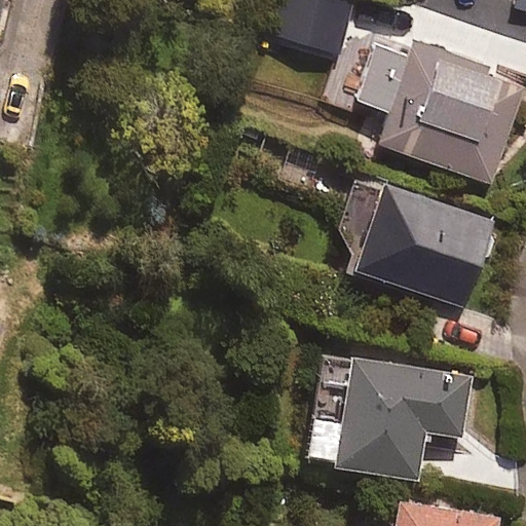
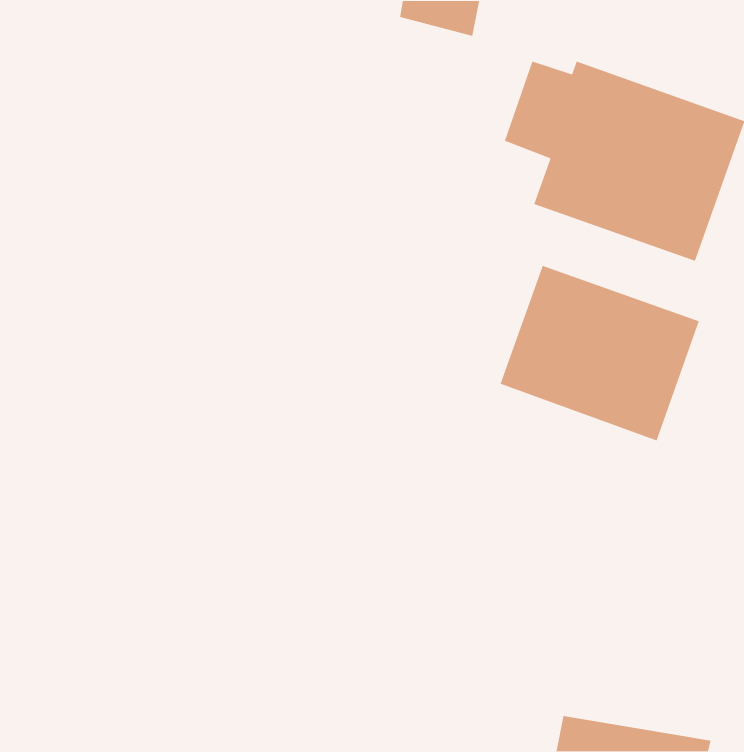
building: [302,355,473,479] -> none

